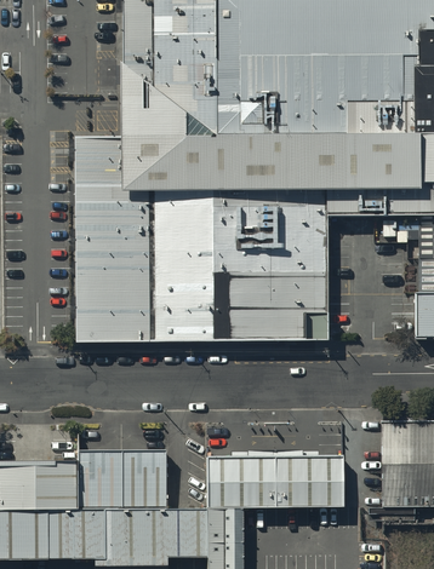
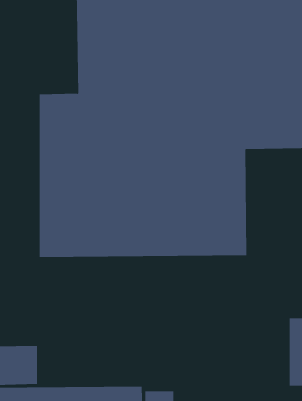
building: [76,446,164,504] -> none
building: [205,453,341,505] -> none

